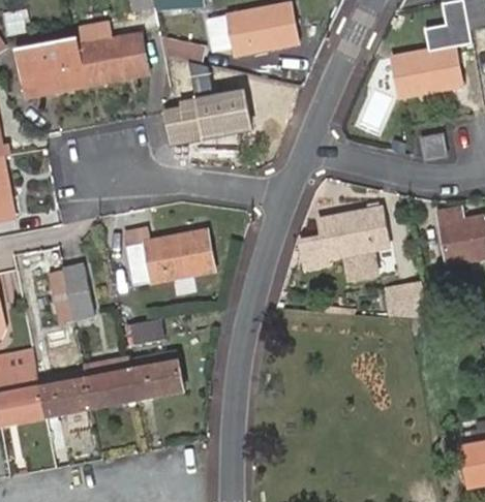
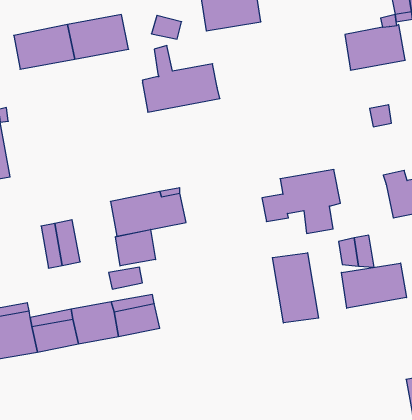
building: none -> [115,229,156,266]
building: none -> [272,253,319,323]
building: none -> [341,263,406,308]

